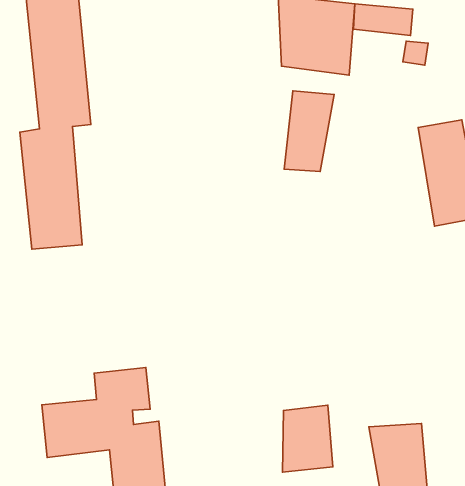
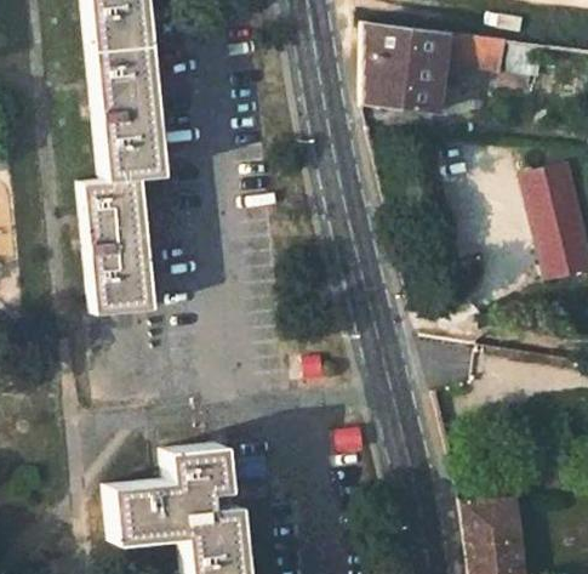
building: [284,91,334,171] -> none
building: [282,405,333,472] -> none

